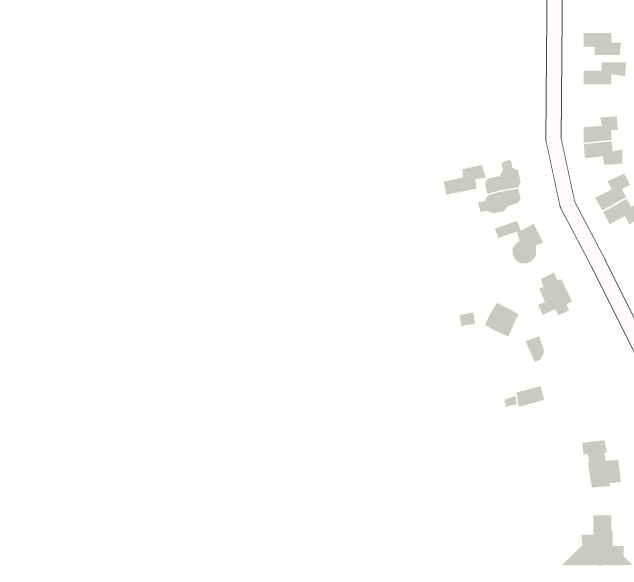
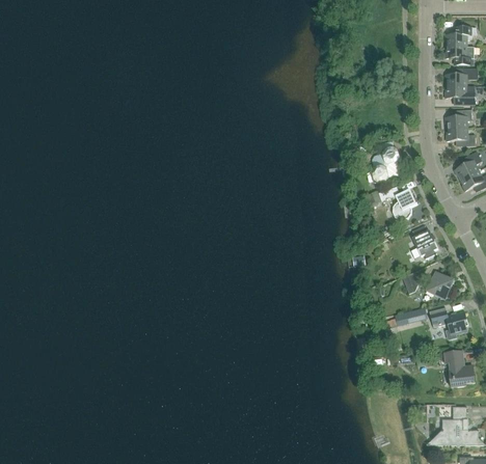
building: none -> [446,27,477,47]
building: none -> [446,86,475,105]
building: [443,164,487,196] -> none
building: [484,302,519,338] -> [427,272,453,299]
building: none -> [430,307,467,337]

